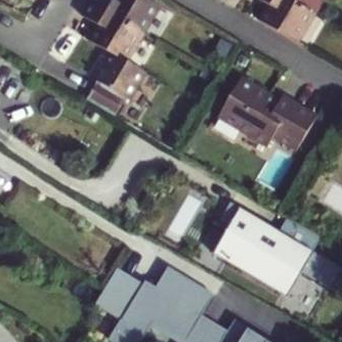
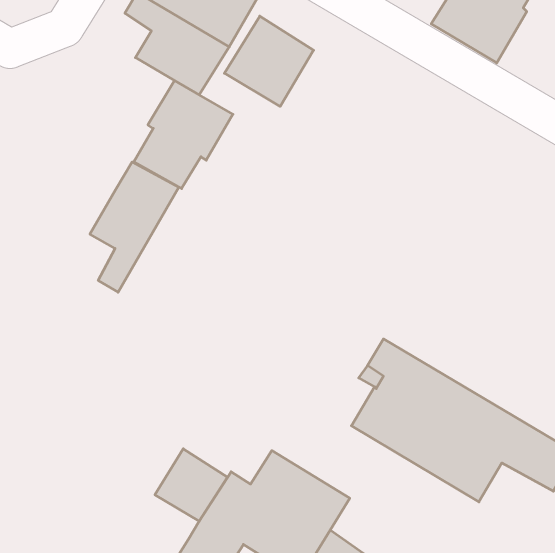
building: none -> [224,16,314,106]
building: [218,79,315,152] -> none
building: none -> [90,162,179,292]

